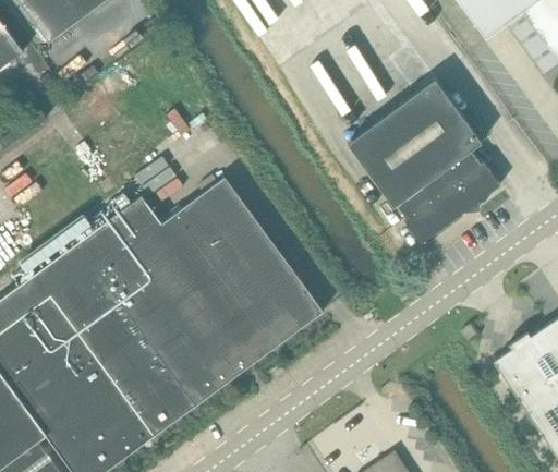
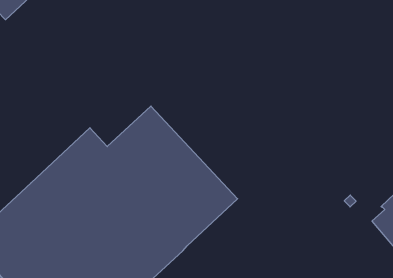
building: [348,78,500,244] -> none

